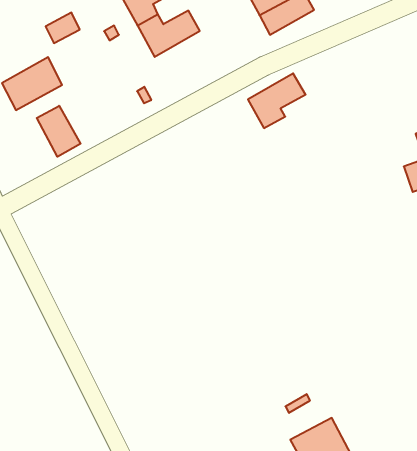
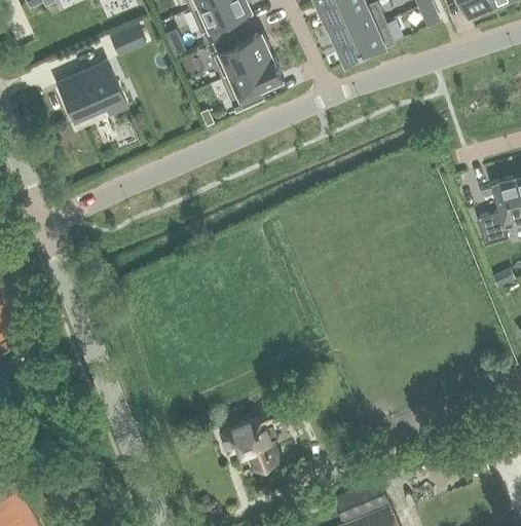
building: [248,73,306,128] -> [223,54,285,110]
building: [37,106,81,157] -> none
building: none -> [221,404,284,467]

